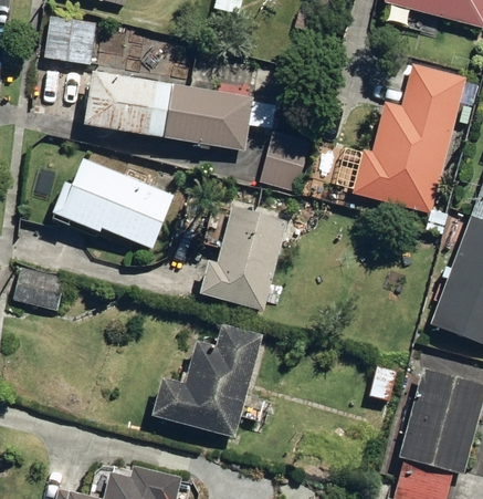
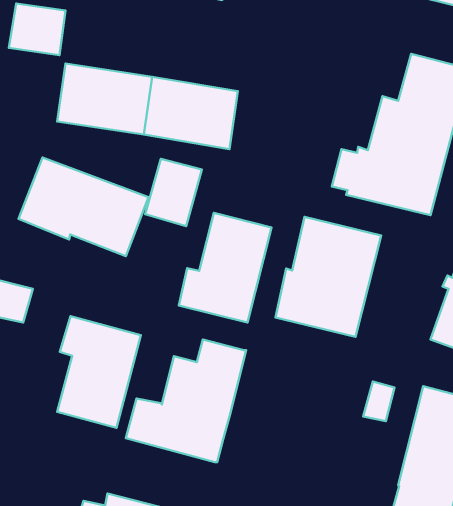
building: [260,131,312,193] -> [145,159,202,226]
building: none -> [276,217,381,337]
building: none -> [57,316,141,428]

